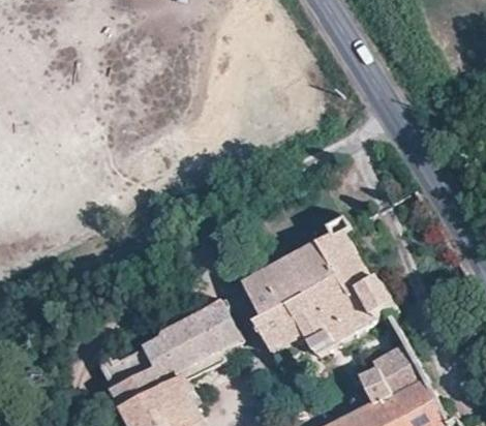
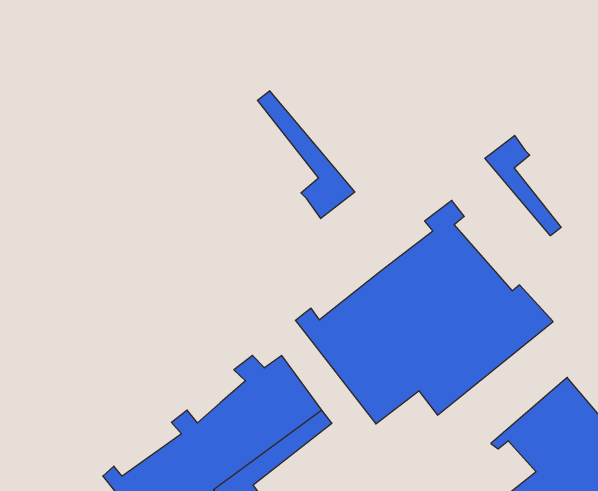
building: none -> [257,91,355,219]
building: none -> [485,135,561,236]

